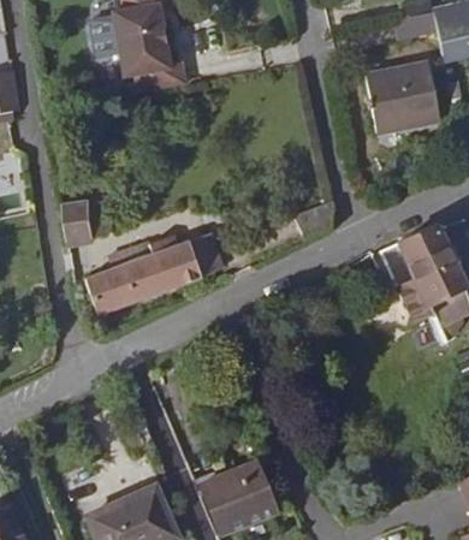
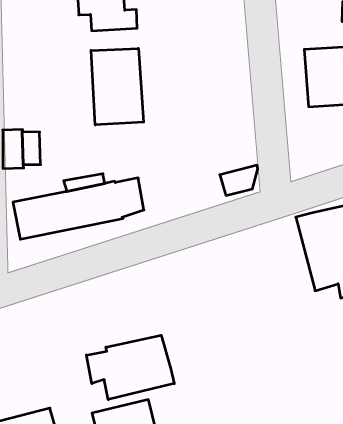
building: none -> [91,48,144,125]
building: none -> [86,335,174,400]

